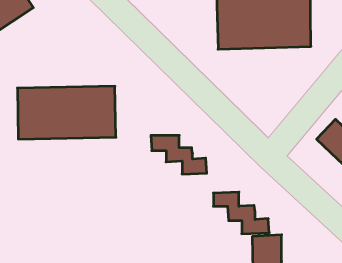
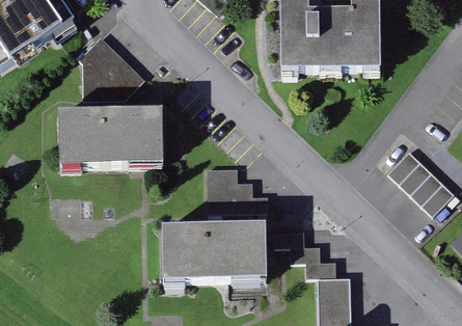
building: none -> [80,32,144,96]
building: none -> [164,218,267,278]

